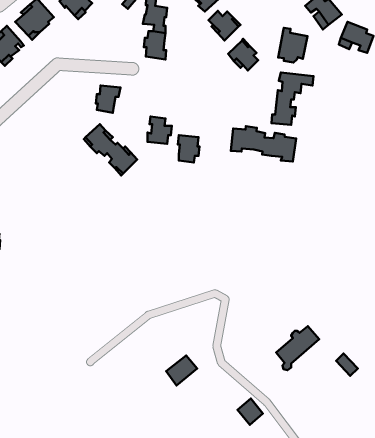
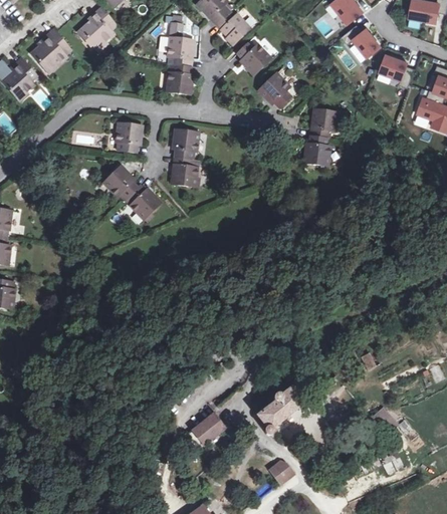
building: [278,28,308,63] -> none
building: [231,126,296,161] -> none
building: [178,135,200,162] -> [174,128,197,158]
building: [276,326,319,370] -> [257,387,303,434]

